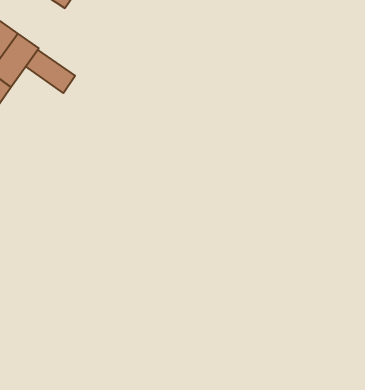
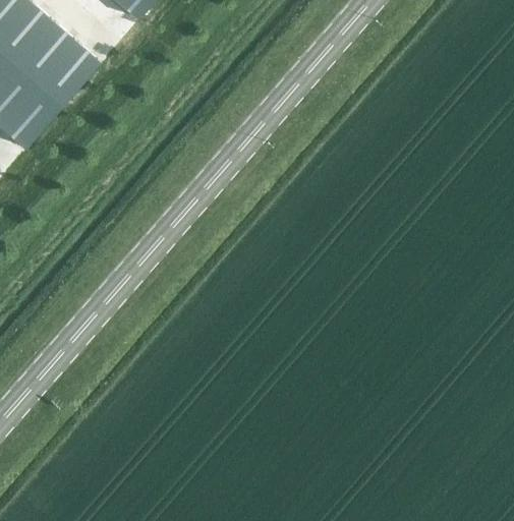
building: [26,50,75,93] -> none

